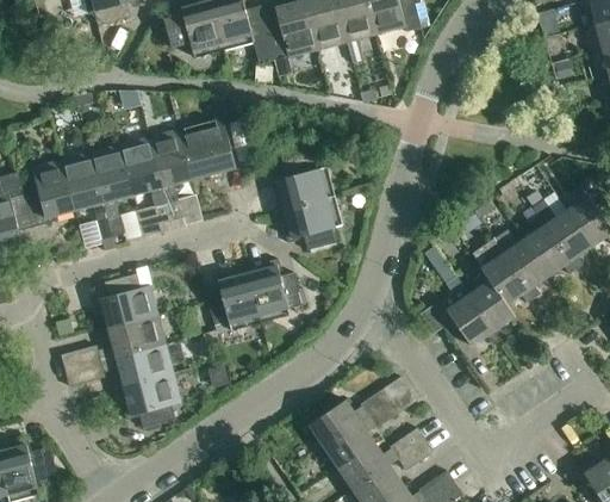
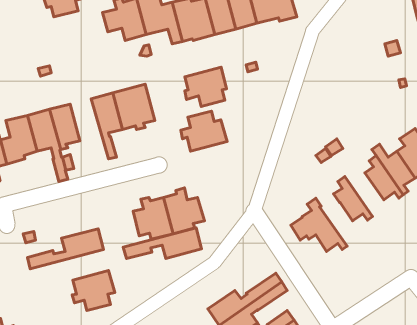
building: [120,138,173,224] -> none
building: [285,197,342,250] -> [185,67,226,106]
building: [493,230,549,299] -> none
building: [95,274,158,329] -> none
building: [461,279,515,340] -> none
building: [66,345,173,386] -> [123,228,201,258]

